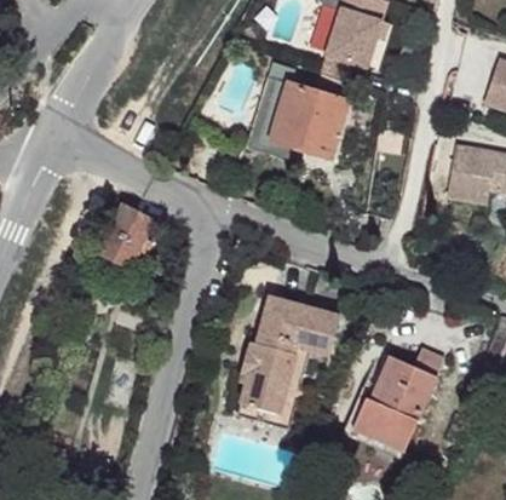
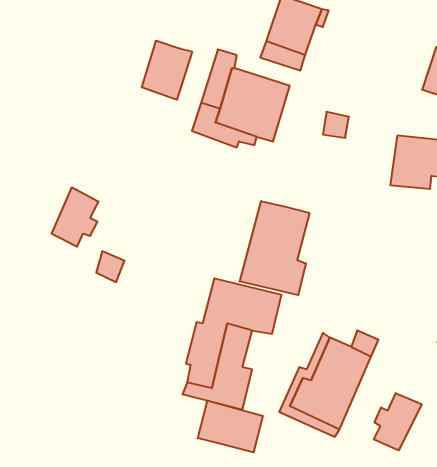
building: none -> [142,41,192,100]
building: none -> [240,201,309,295]
building: none -> [374,393,422,450]
building: none -> [198,401,263,452]

